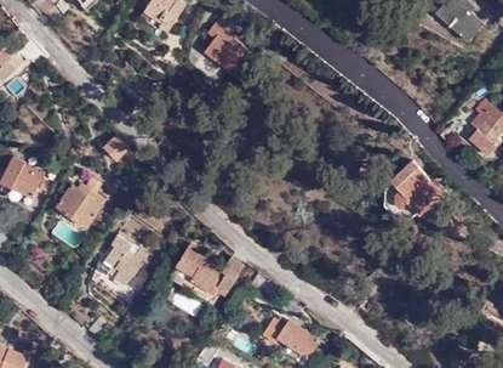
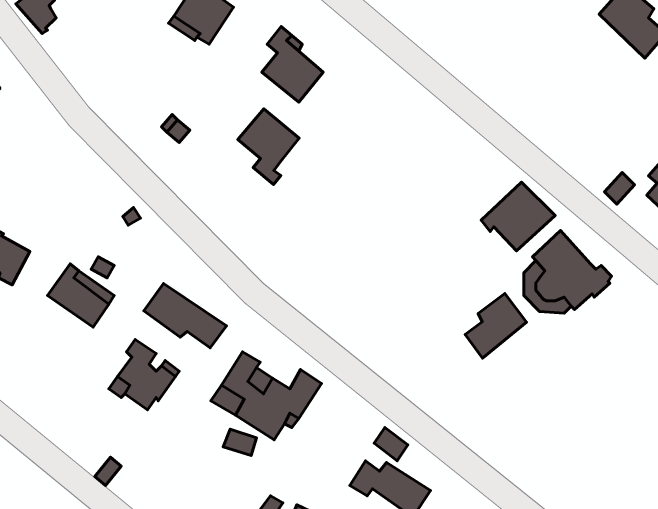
building: none -> [238,109,299,185]
building: none -> [481,182,555,251]
building: none -> [144,284,227,348]
building: none -> [465,293,526,358]

